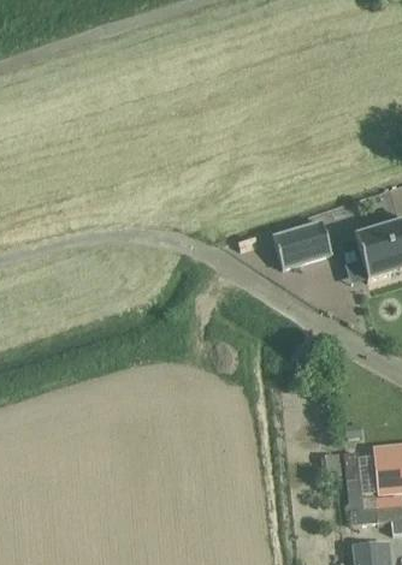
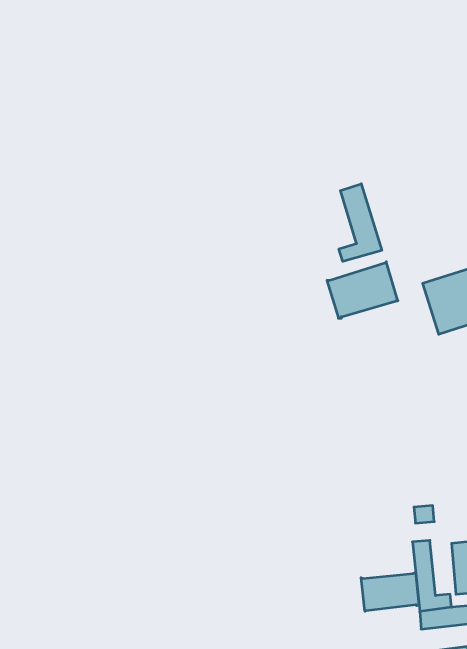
building: none -> [339,184,382,261]
building: none -> [361,573,419,611]

